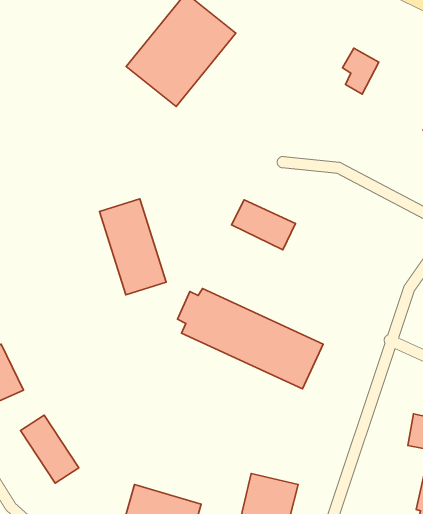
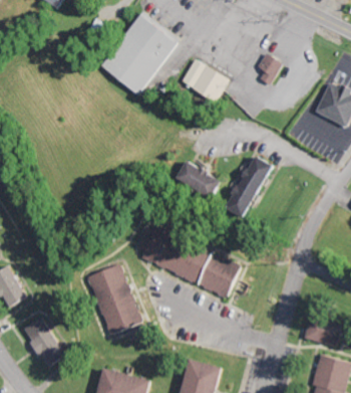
building: none -> [178,58,228,101]
building: none -> [226,154,274,217]
building: [100,199,166,295] -> [90,264,138,334]

